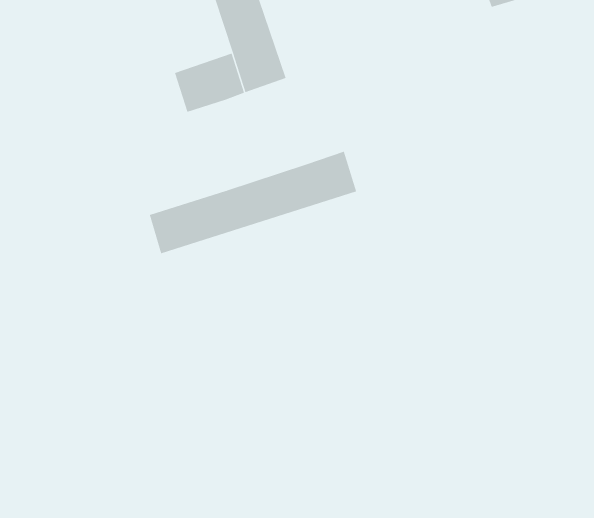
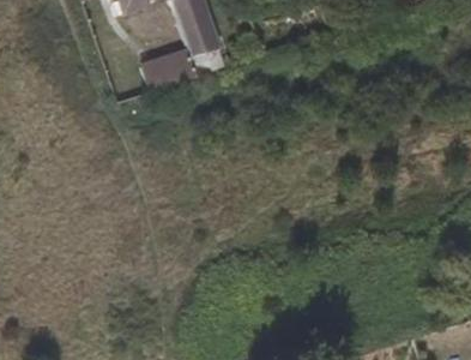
building: [149,151,357,254] -> none

